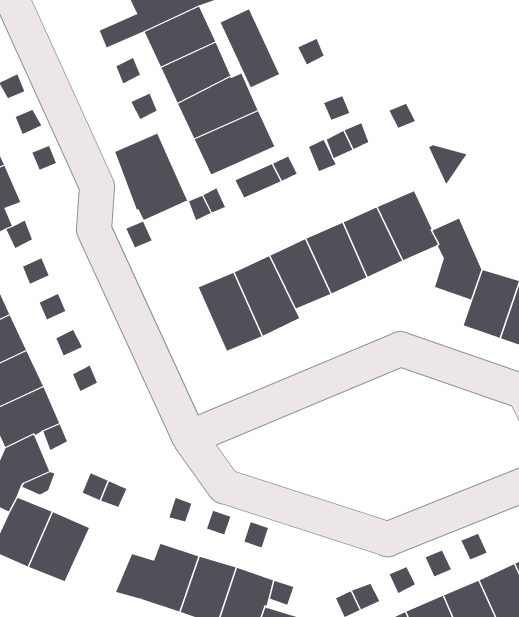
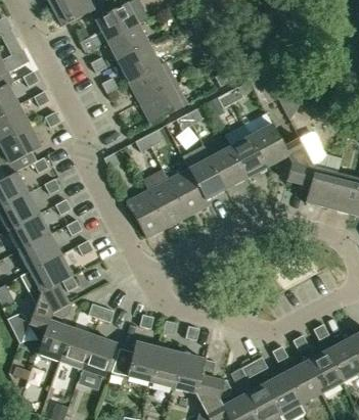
building: [220,8,280,88] -> none
building: [114,133,188,221] -> none
building: none -> [127,189,168,237]
building: none -> [82,335,117,376]

